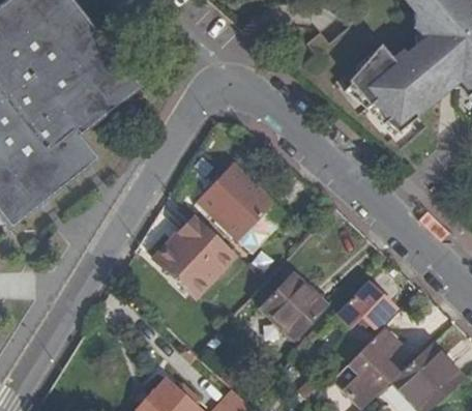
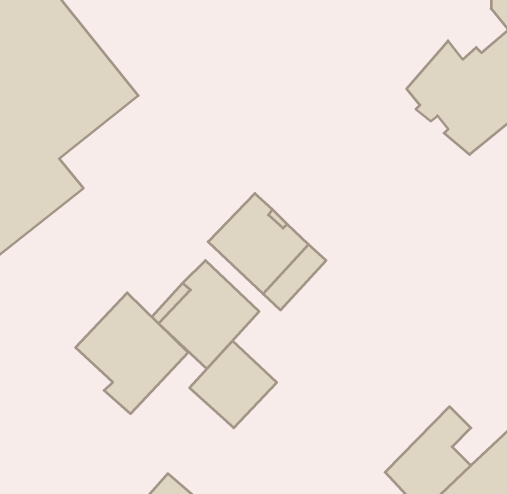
building: none -> [76,293,188,414]
building: [259,271,326,339] -> [190,341,277,428]
building: [335,280,395,328] -> none

